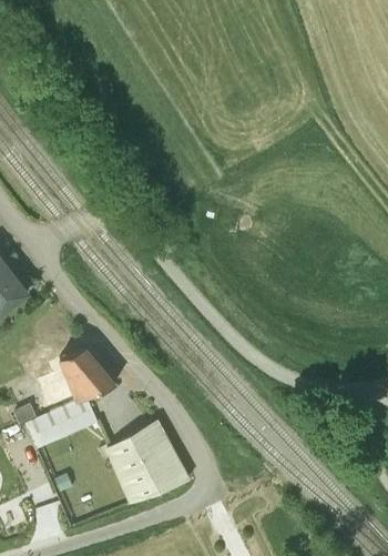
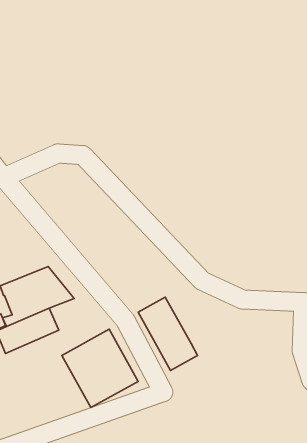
building: none -> [138,297,198,370]

